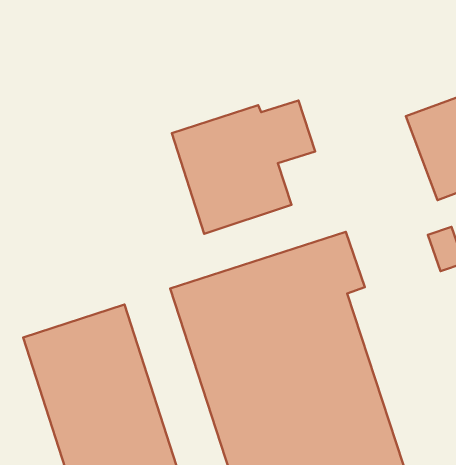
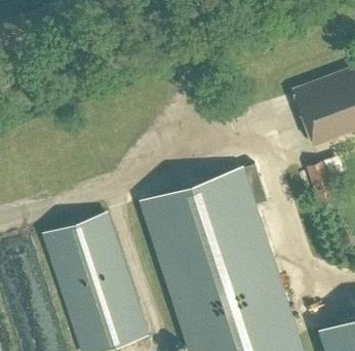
building: [172,100,315,234] -> none

